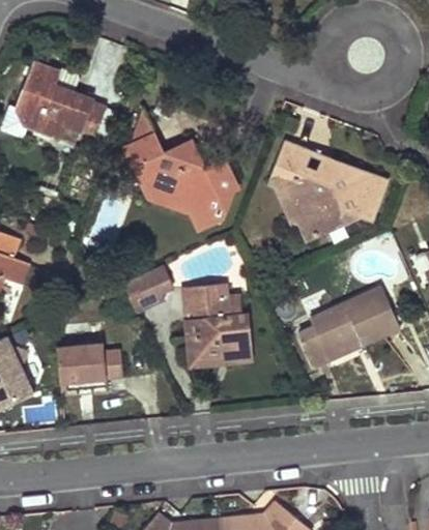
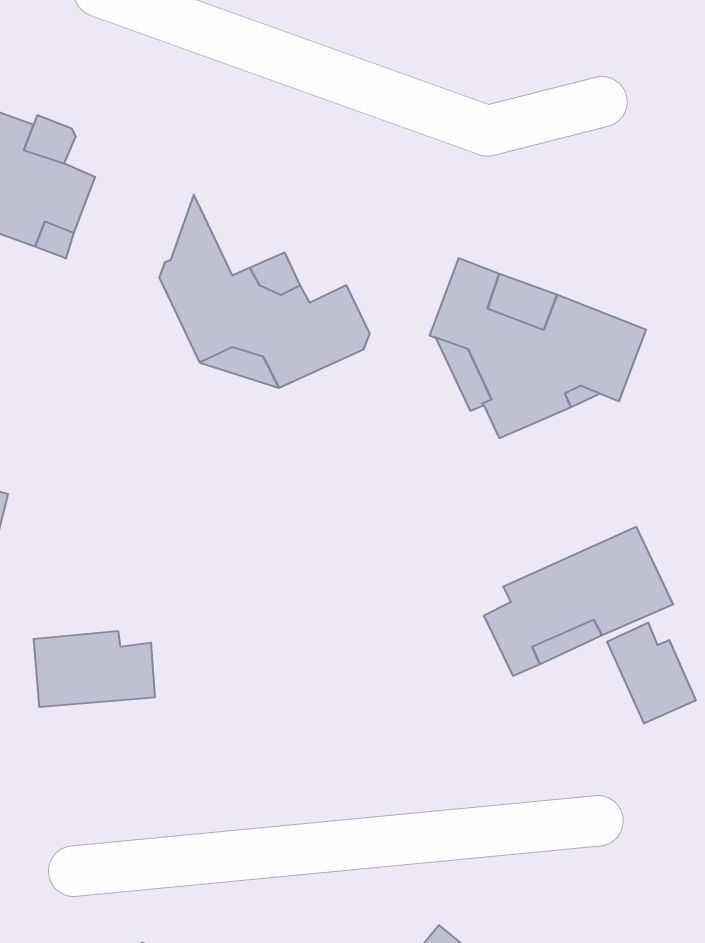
building: [122,266,173,312] -> none
building: [181,284,253,363] -> none
building: none -> [607,623,696,724]

